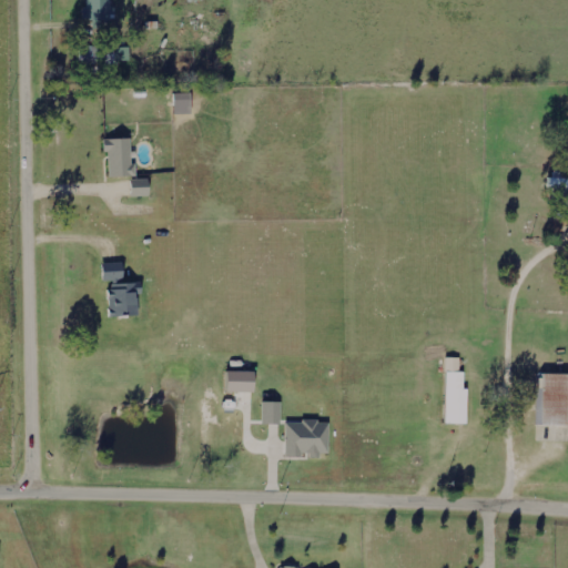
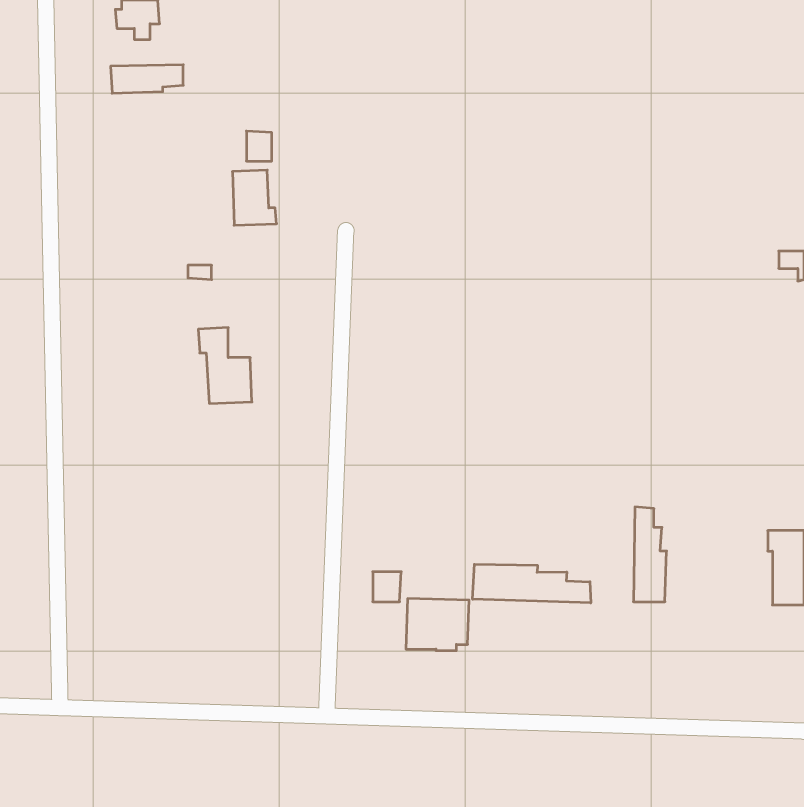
building: [105,138,136,176] -> [232,170,277,225]
building: [102,263,140,316] -> [198,328,252,403]
building: [227,371,255,392] -> none
building: none -> [473,564,591,603]

